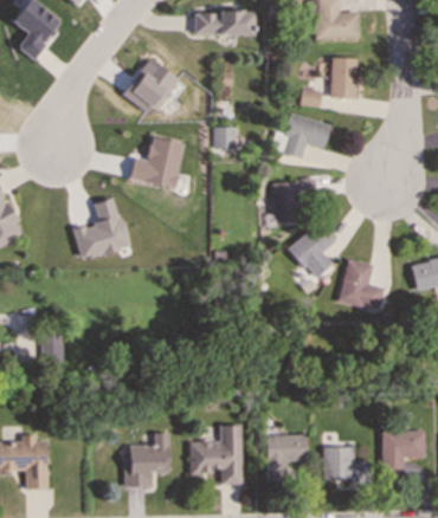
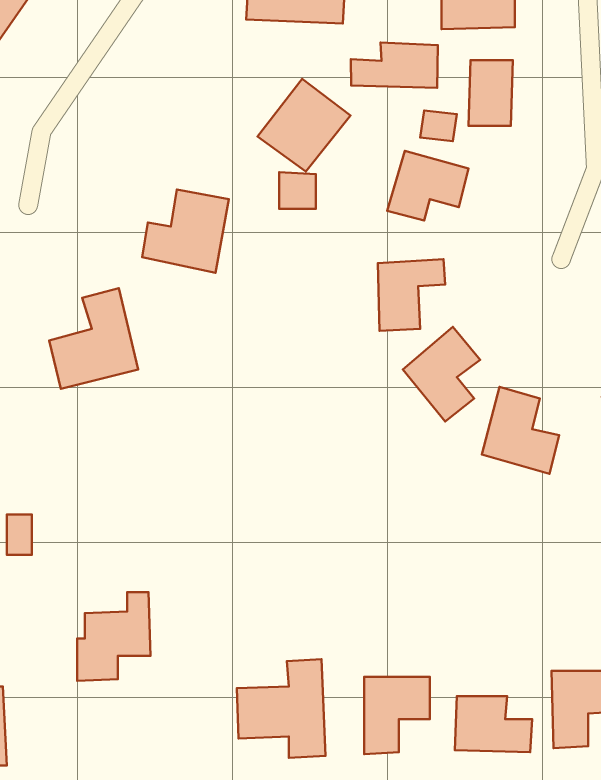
building: none -> [351,42,438,88]
building: [123,58,180,115] -> [258,79,350,171]
building: [124,433,169,487] -> [77,592,151,681]

